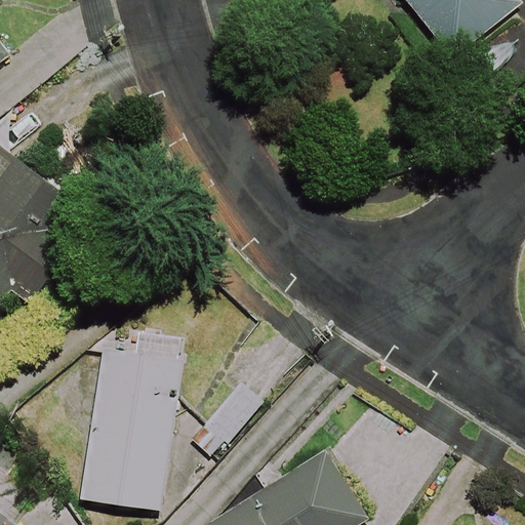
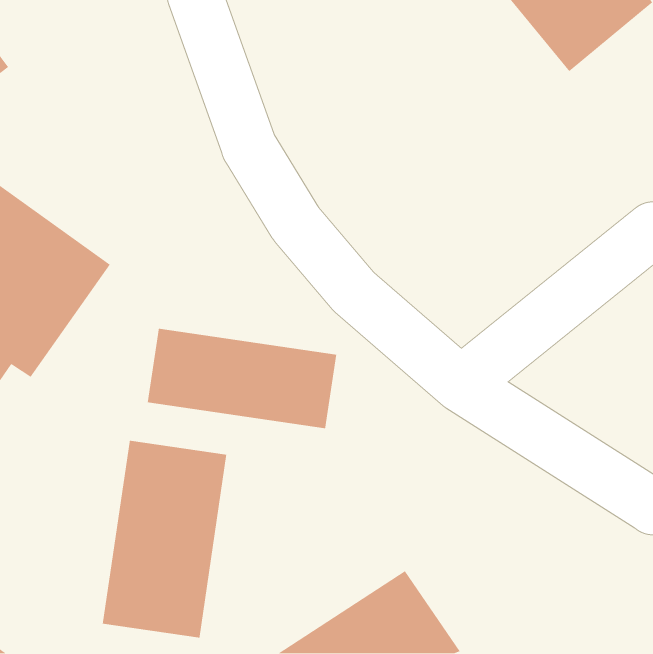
building: none -> [147,328,337,429]

